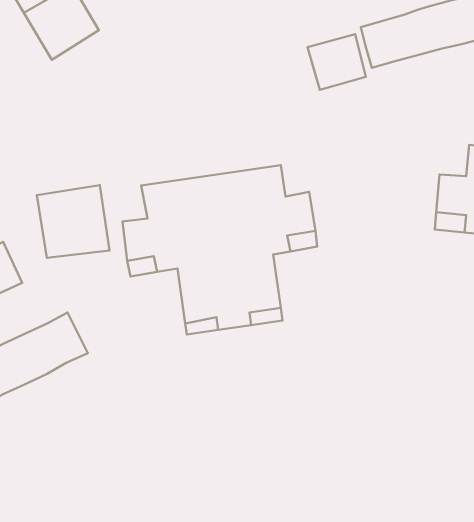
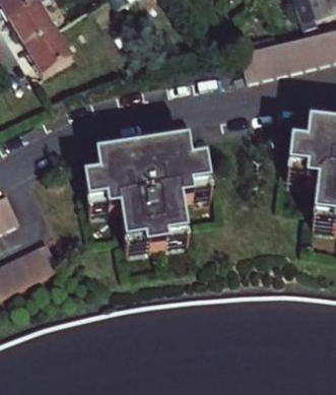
building: [307,34,366,90] -> none
building: [37,185,109,258] -> none

